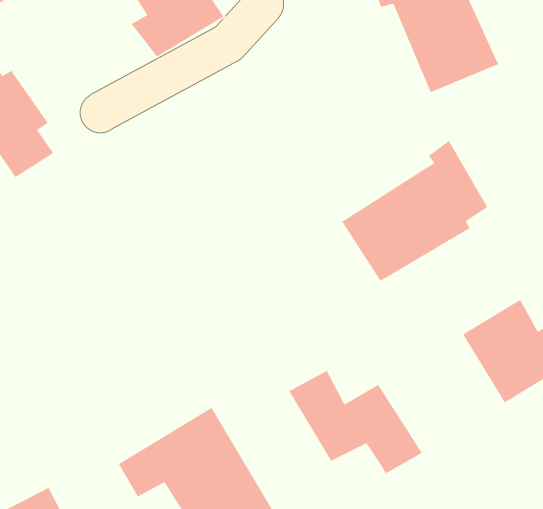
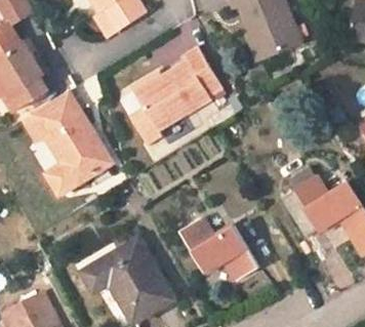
building: [341,140,488,282] -> [131,45,216,127]
building: none -> [24,93,112,194]

